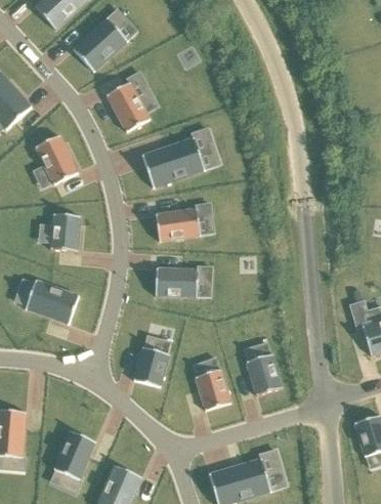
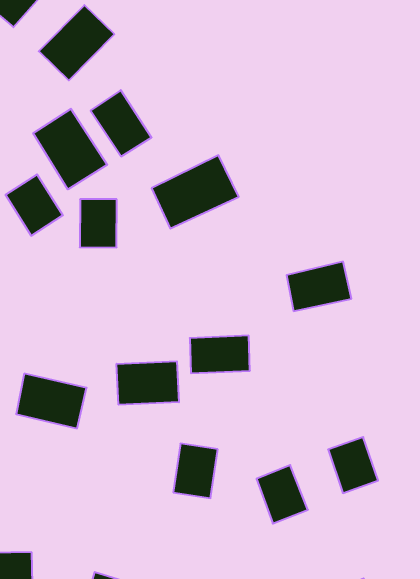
building: none -> [33,109,107,189]
building: [156,207,201,239] -> [287,262,351,311]
building: [51,213,82,251] -> [80,199,117,247]
building: none -> [117,361,179,405]

